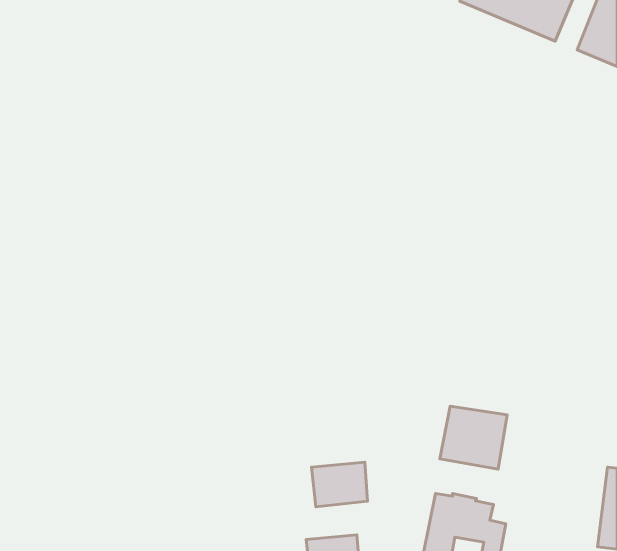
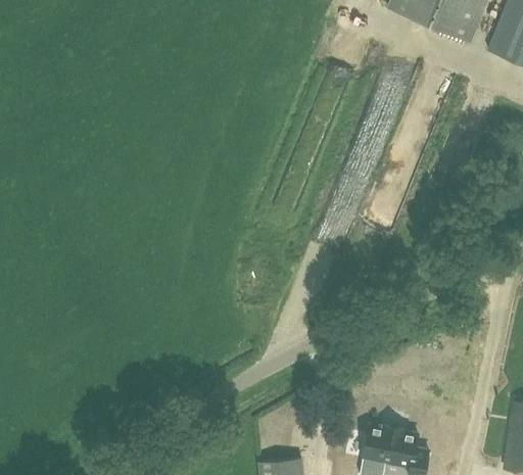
building: [440,406,507,469] -> none
building: [312,462,368,507] -> none

